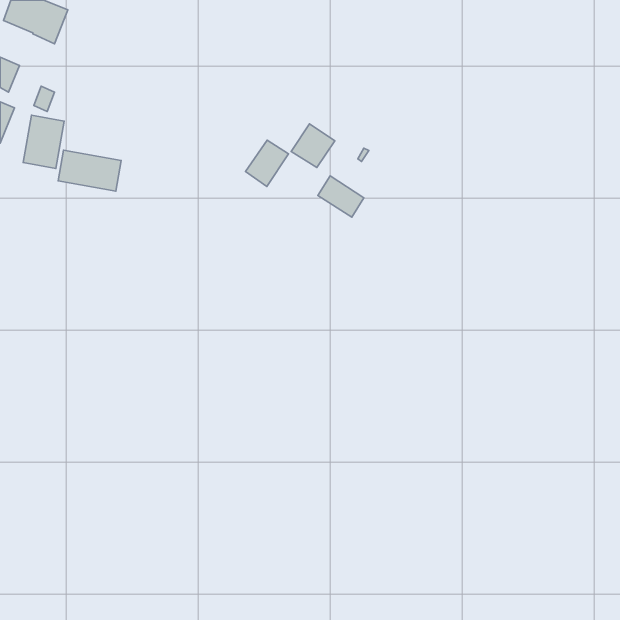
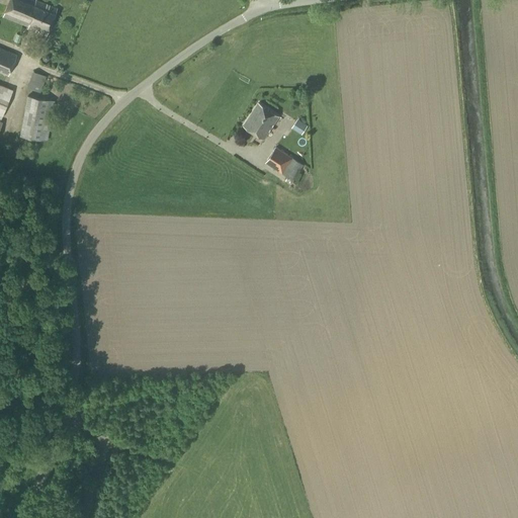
building: [245,140,289,186] -> none
building: [58,150,121,191] -> none

